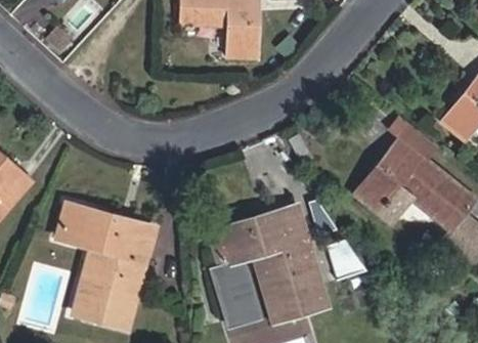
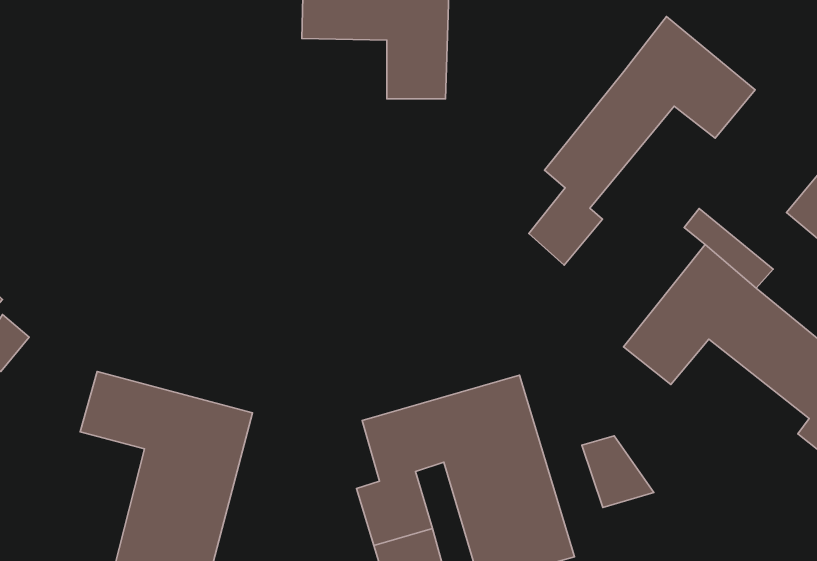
building: none -> [529,17,755,265]

